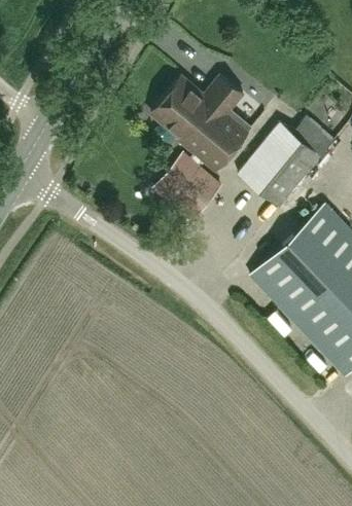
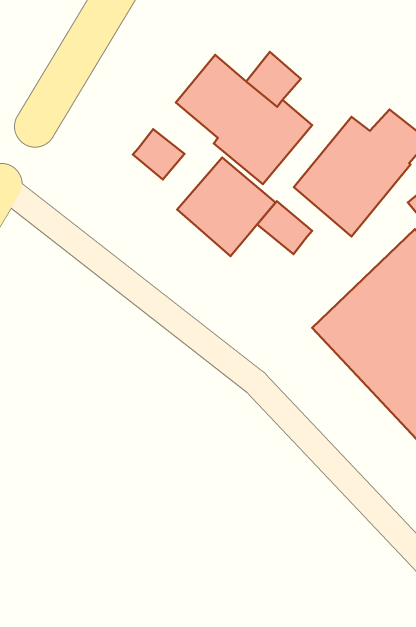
building: none -> [133,129,184,180]
building: none -> [257,201,312,254]

